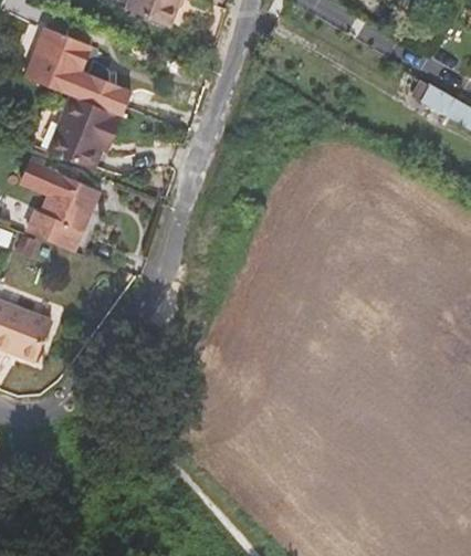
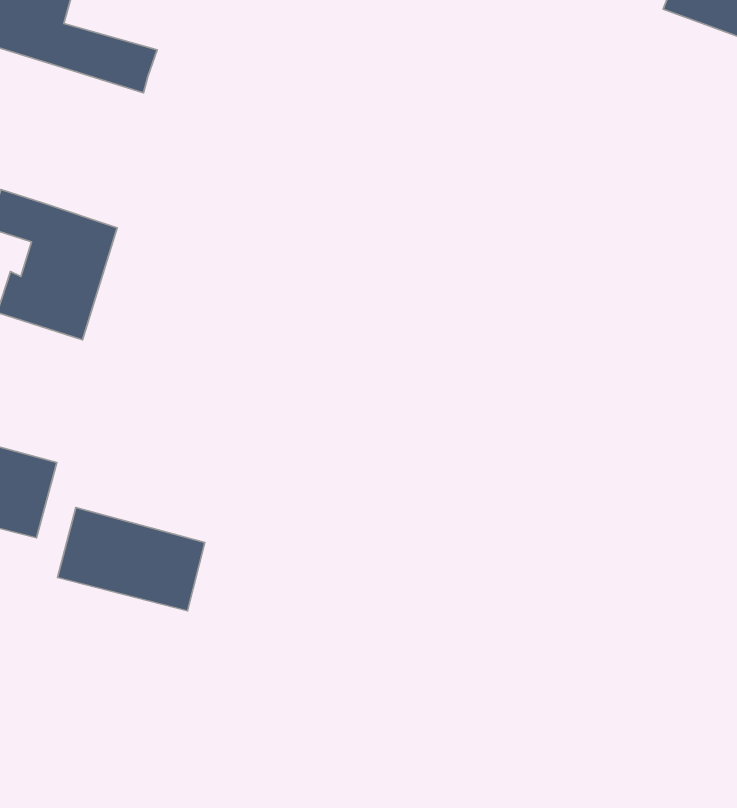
building: [46,95,123,170] -> none
building: none -> [57,508,205,611]

